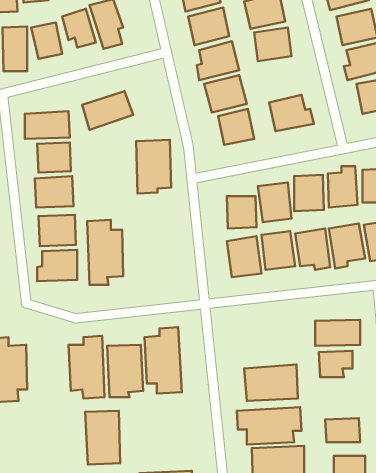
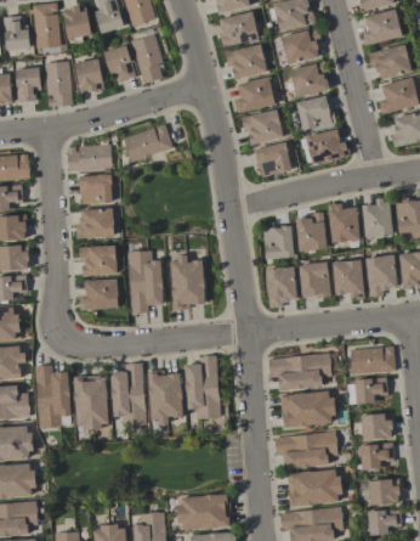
building: none -> [296,95,335,130]
building: [136,140,171,194] -> [171,258,205,310]
building: none -> [268,355,331,390]
building: none -> [362,413,392,439]
building: [85,411,120,464] -> [74,377,108,429]

